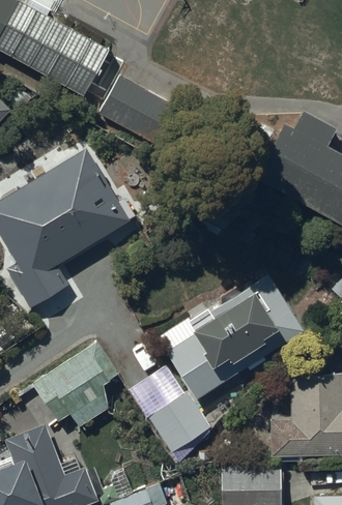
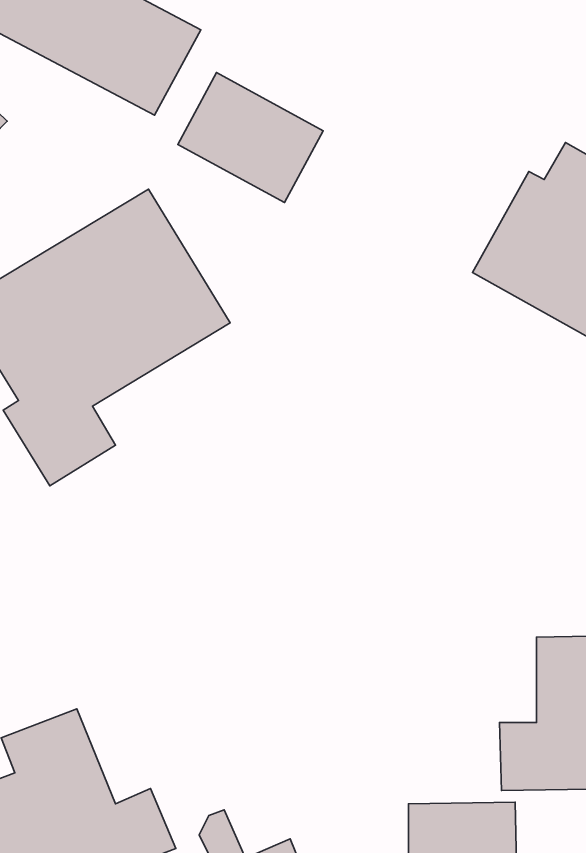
building: [163,279,305,399] -> none
building: [32,345,116,428] -> none
building: [127,366,210,456] -> none

